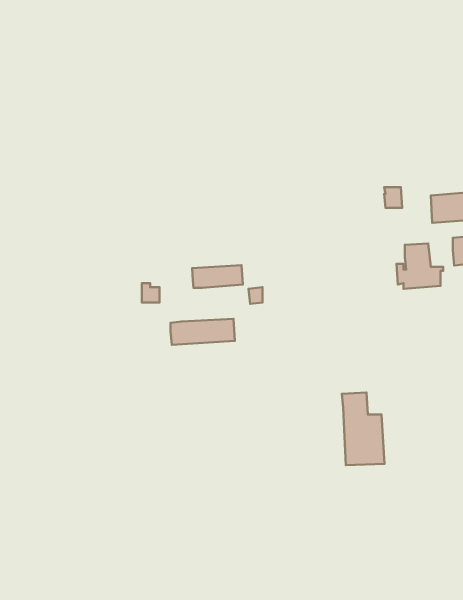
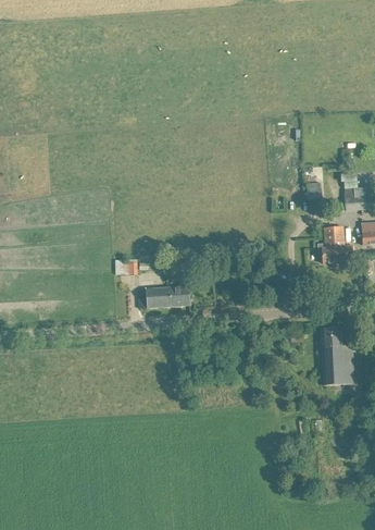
building: [192,265,243,288] -> none
building: [342,393,384,465] -> [321,325,354,383]

